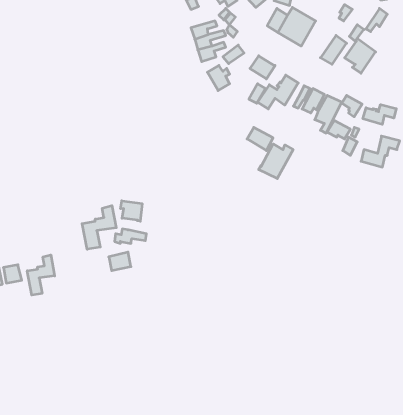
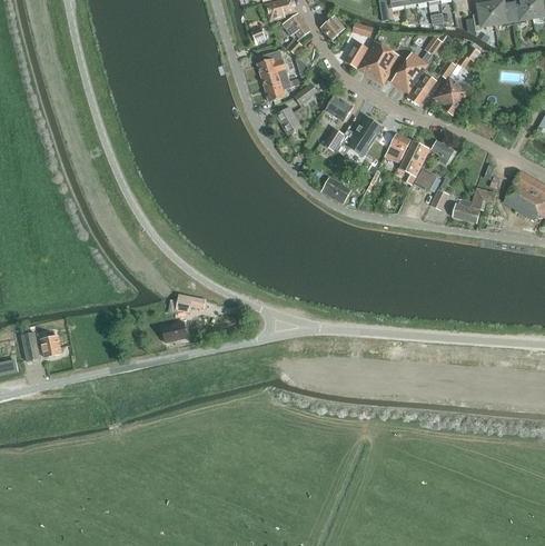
building: none -> [390,51,427,92]
building: [363,105,396,124] -> none
building: [259,144,293,179] -> none
building: [121,201,142,221] -> none
building: [82,206,116,249] -> none
building: [27,255,55,295] -> none

